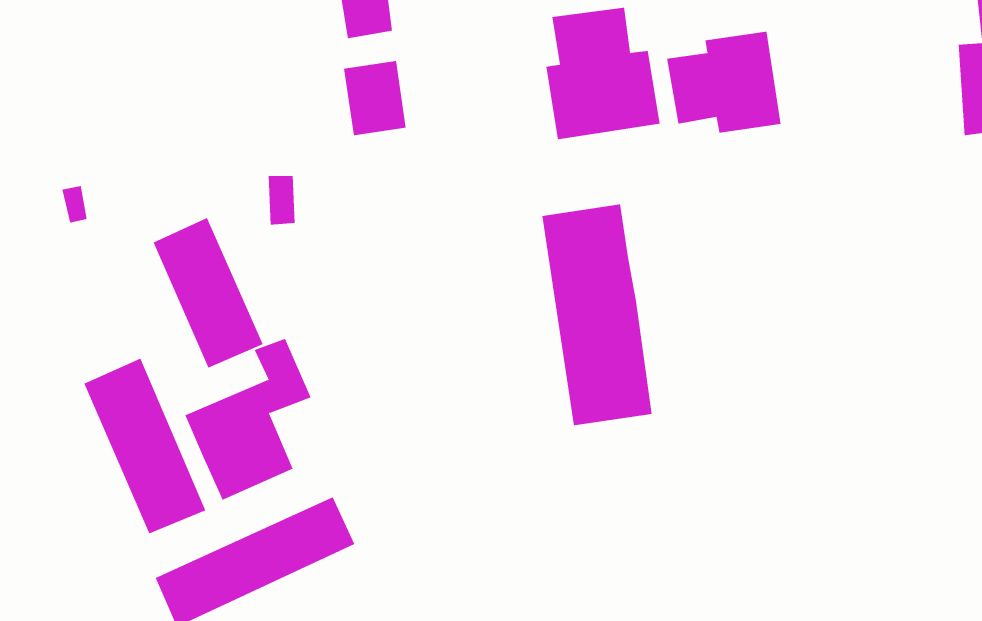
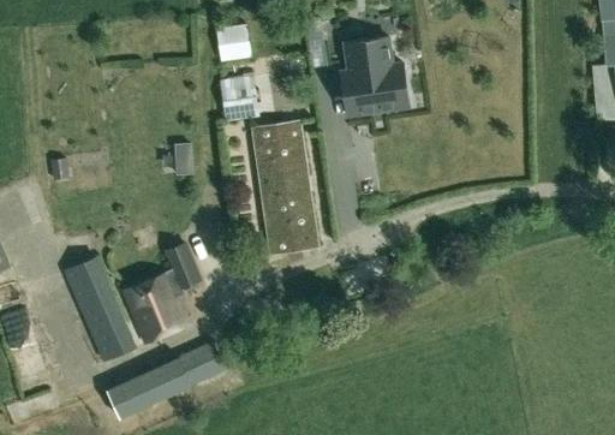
building: [667,31,781,134] -> none
building: [542,204,653,426] -> [251,119,318,254]
building: [153,217,264,368] -> none

